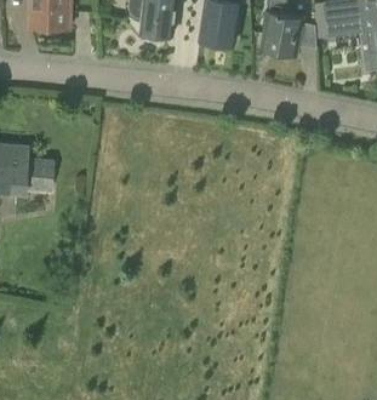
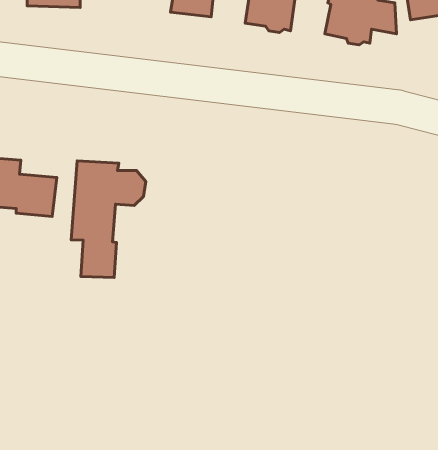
building: none -> [71,161,146,278]

